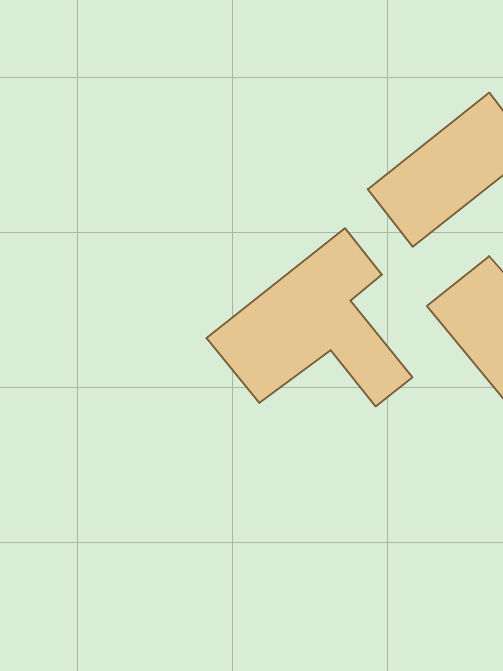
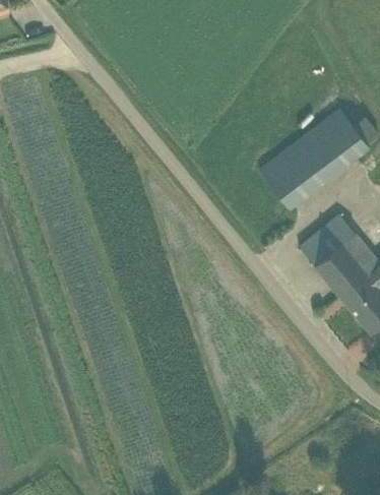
building: [206,228,412,406] -> none

